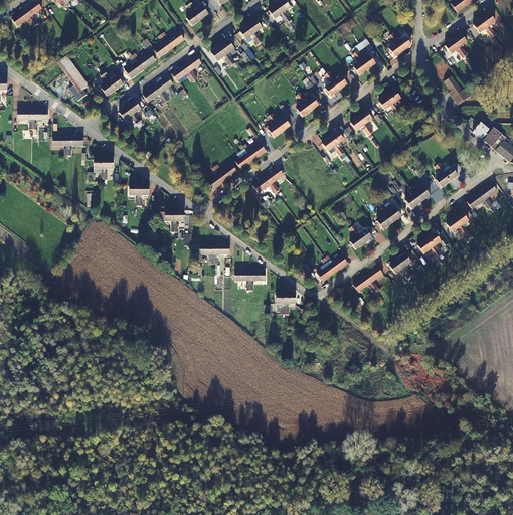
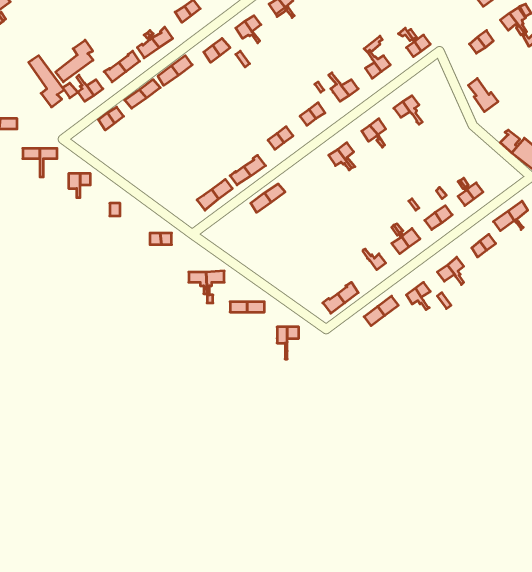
building: none -> [56,40,93,82]

